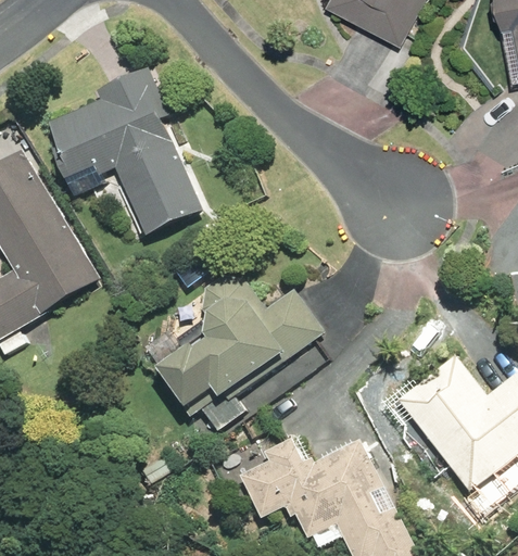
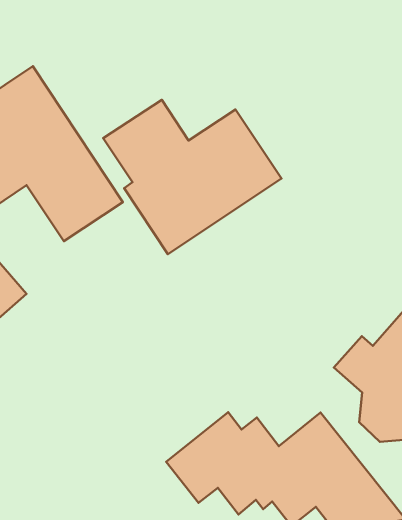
building: none -> [103,100,282,254]
building: [138,277,323,432] -> none

